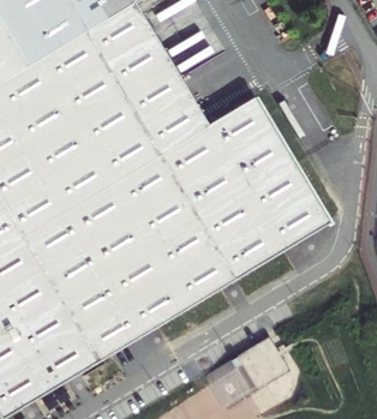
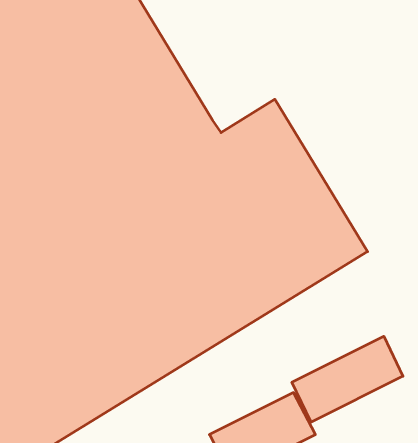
building: none -> [292,336,403,422]

